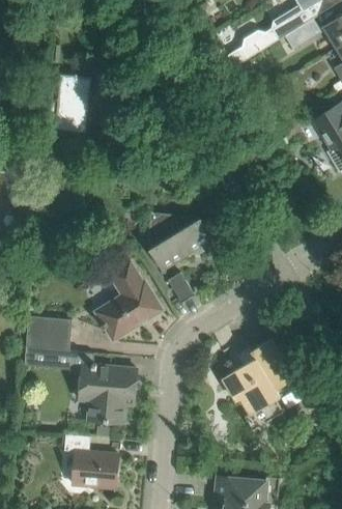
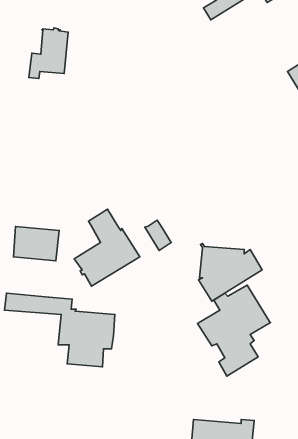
building: [147,211,212,271] -> [199,244,262,301]
building: [25,316,72,351] -> [14,227,59,261]
building: [63,434,118,488] -> none

